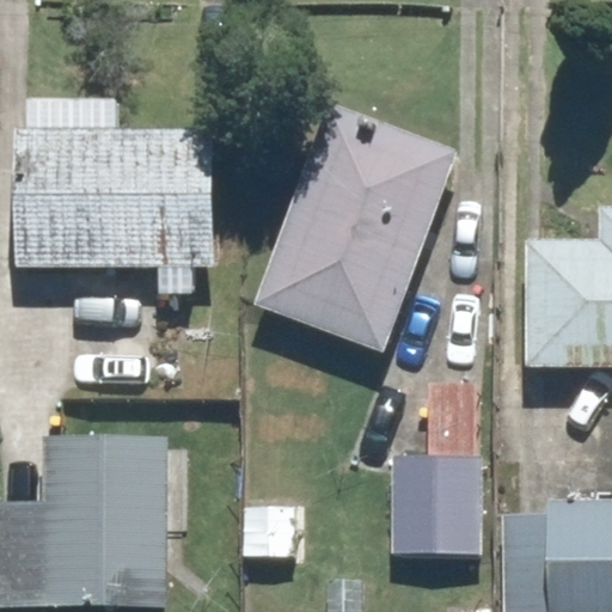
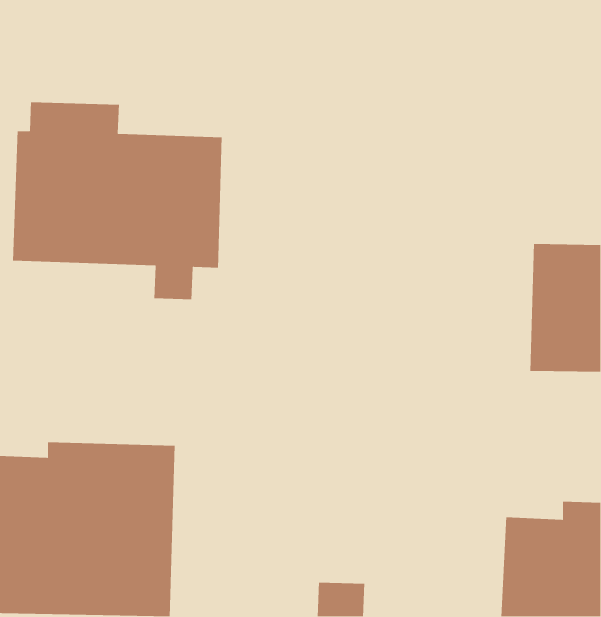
building: [257,103,461,354] -> none
building: [388,382,479,558] -> none

